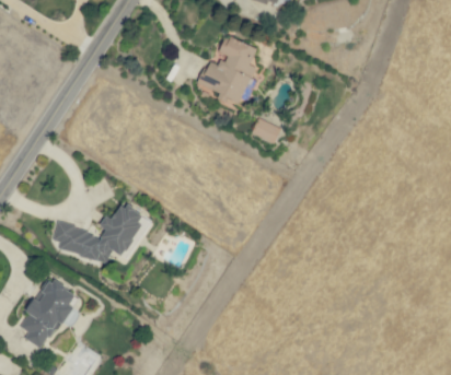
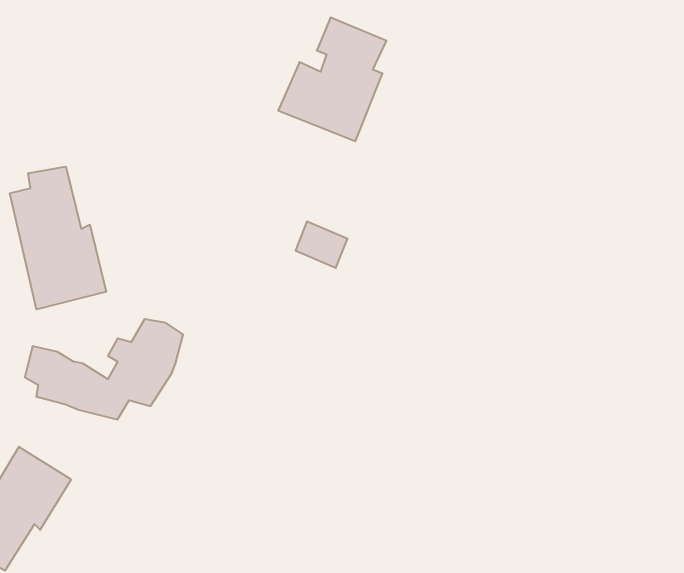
building: [252,118,281,144] -> [295,221,348,268]
building: none -> [10,167,106,309]

